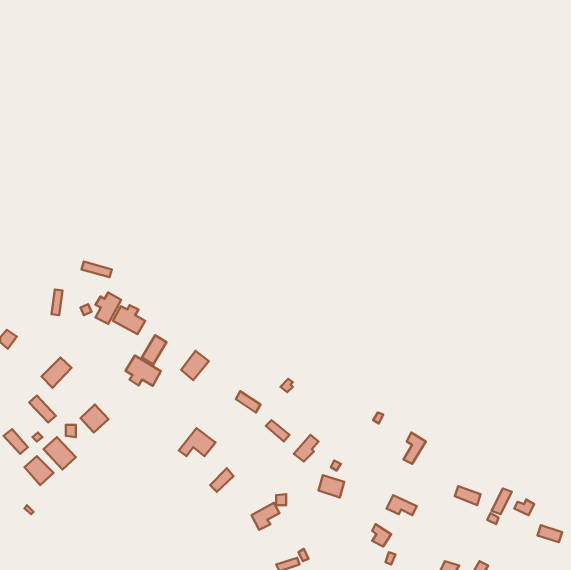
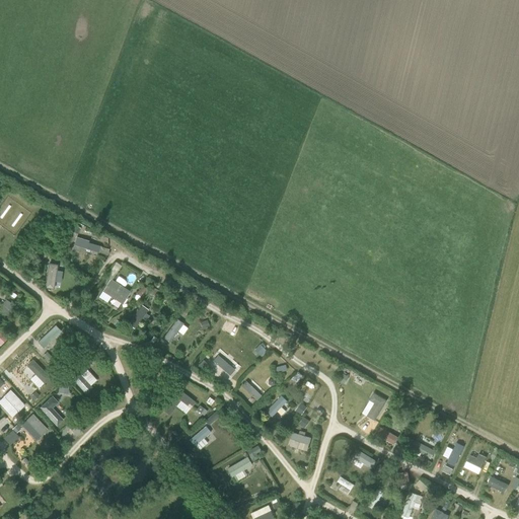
building: [95,292,121,324] -> none
building: [126,356,161,386] -> none

